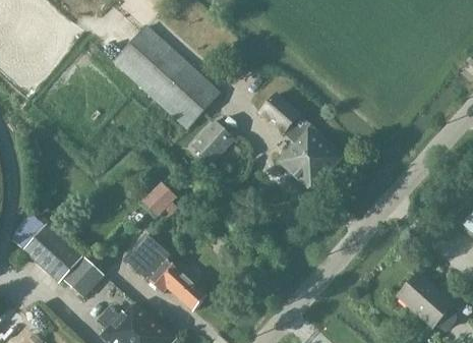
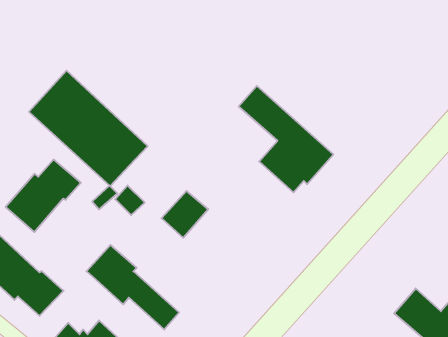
building: [114,25,220,128] -> [29,71,148,186]
building: [192,122,234,164] -> [161,191,208,238]
building: none -> [6,160,81,232]

